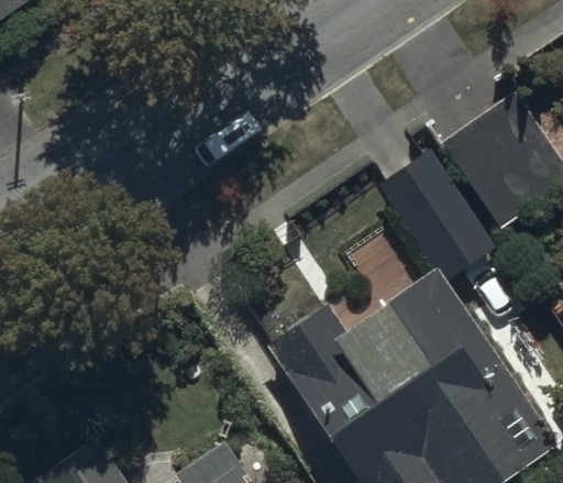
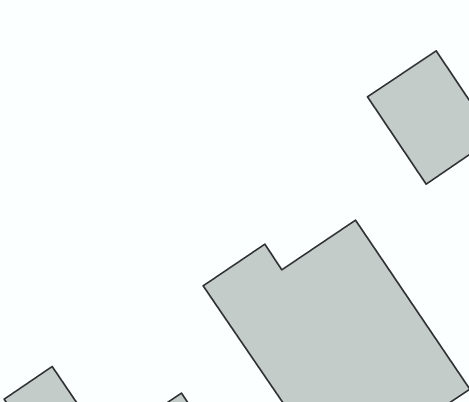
building: [382,143,499,277] -> none

